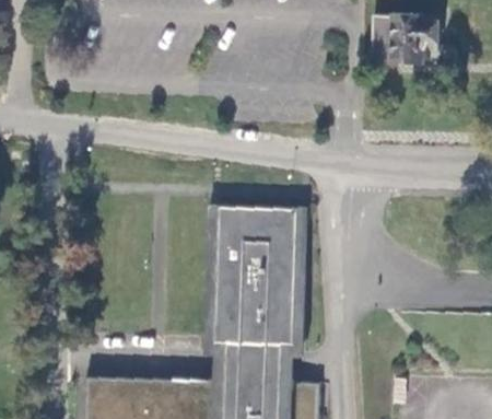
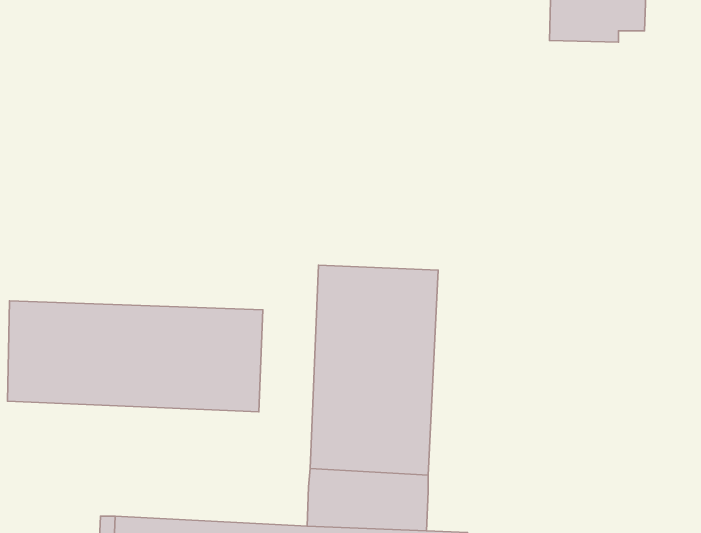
building: none -> [8,301,263,412]

